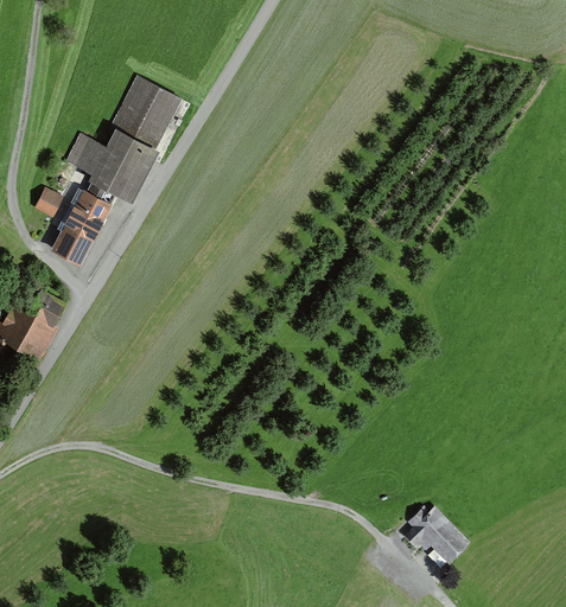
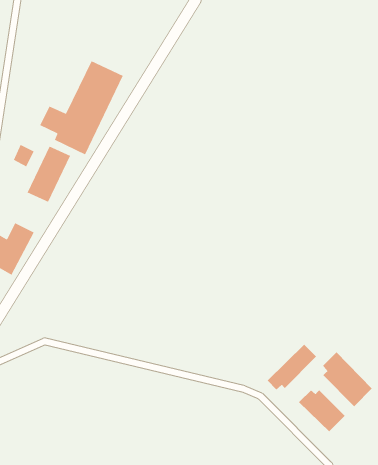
building: none -> [267,344,317,390]
building: none -> [322,351,373,407]

